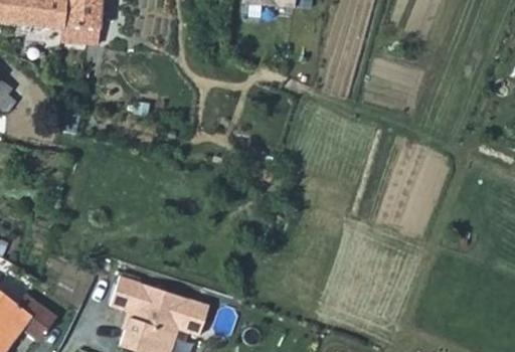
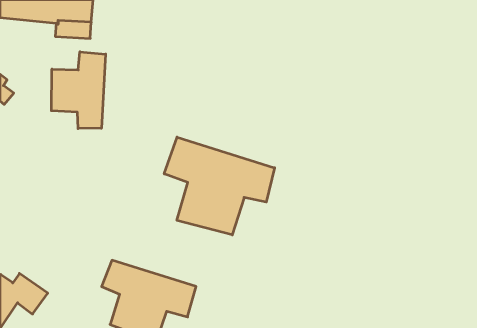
building: none -> [51,52,106,129]
building: none -> [164,137,275,235]

